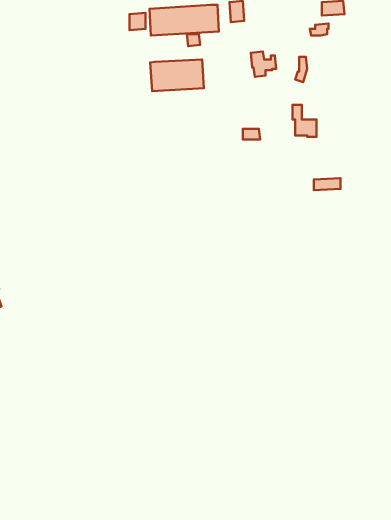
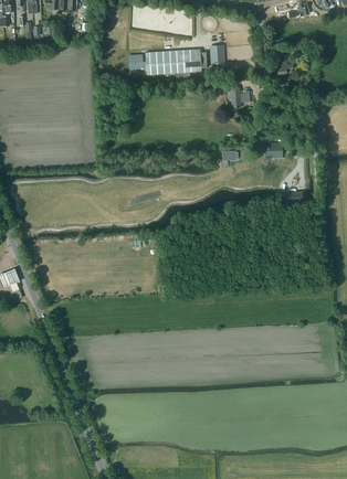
building: [150,60,204,91] -> none

